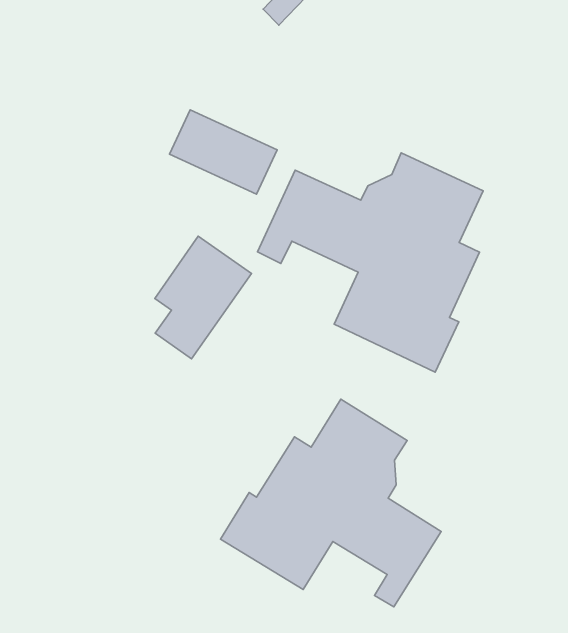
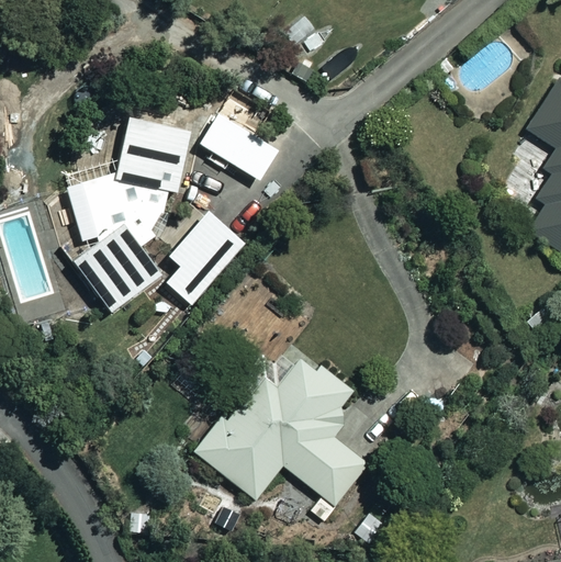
building: none -> [71,116,189,311]
building: [258,153,483,372] -> none

